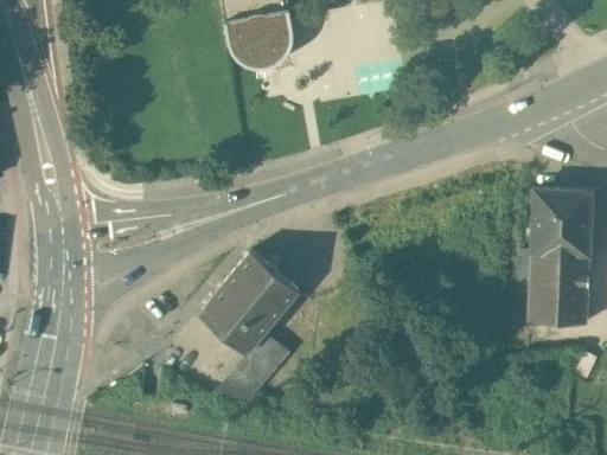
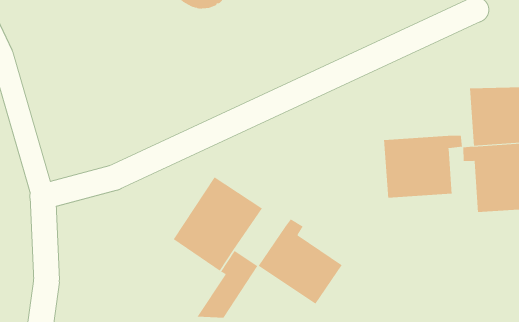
building: none -> [383,135,462,198]
building: none -> [258,218,342,305]

